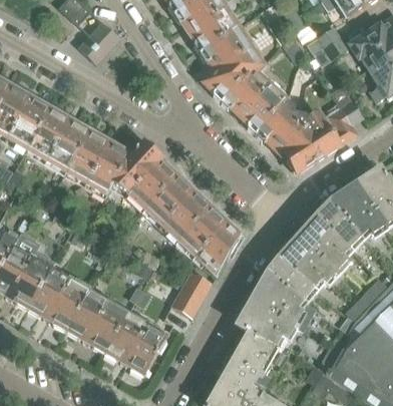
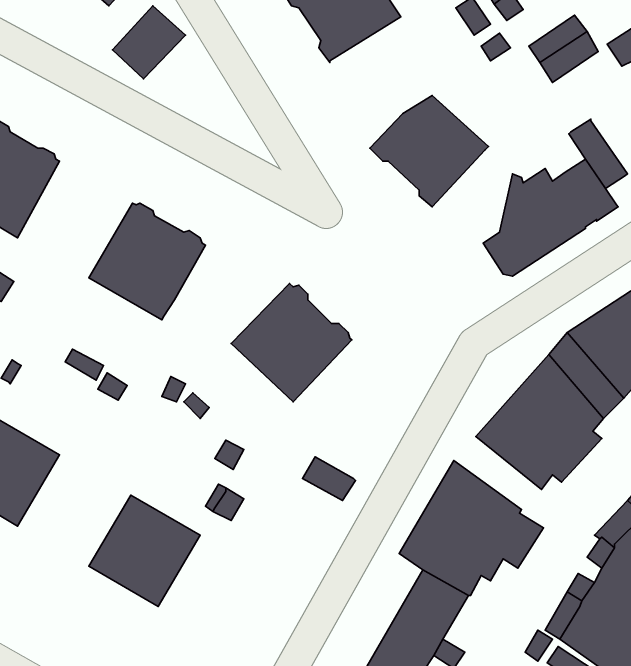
building: [199,28,262,100] -> none
building: [255,101,299,154] -> none
building: [27,107,90,171] -> none
building: [113,140,176,208] -> none
building: [178,206,241,276] -> none
building: [267,259,315,299] -> none
building: [27,269,89,330] -> none
building: [171,282,206,316] -> none
building: [104,313,166,374] -> none

